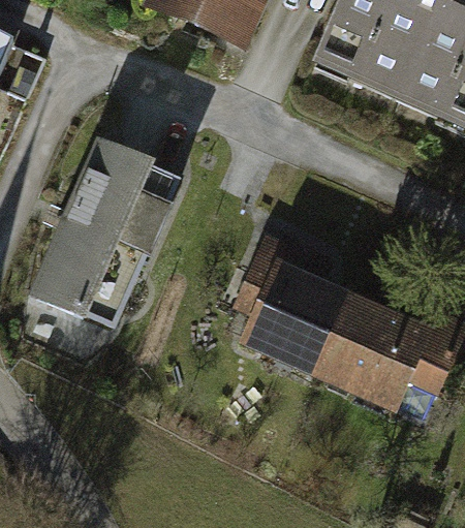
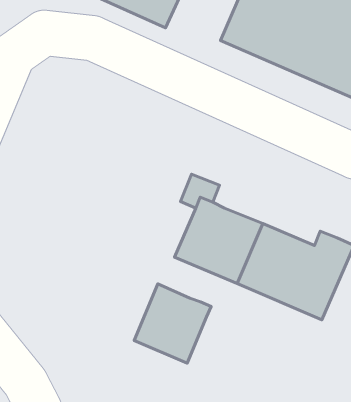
building: [36,137,177,321] -> none
building: none -> [134,284,211,363]

